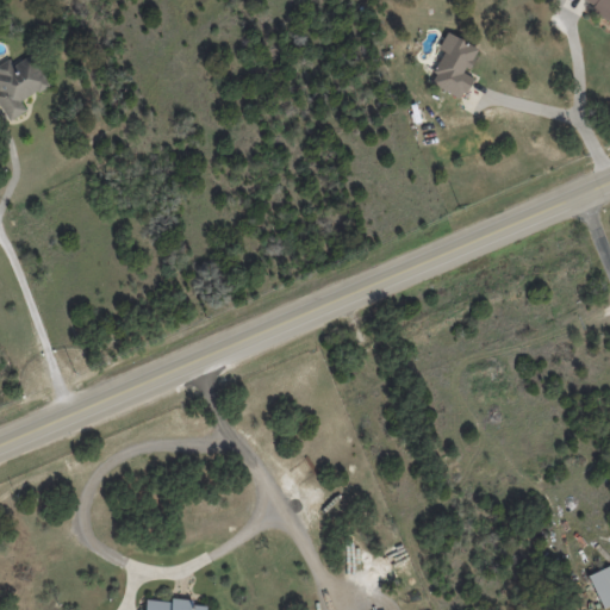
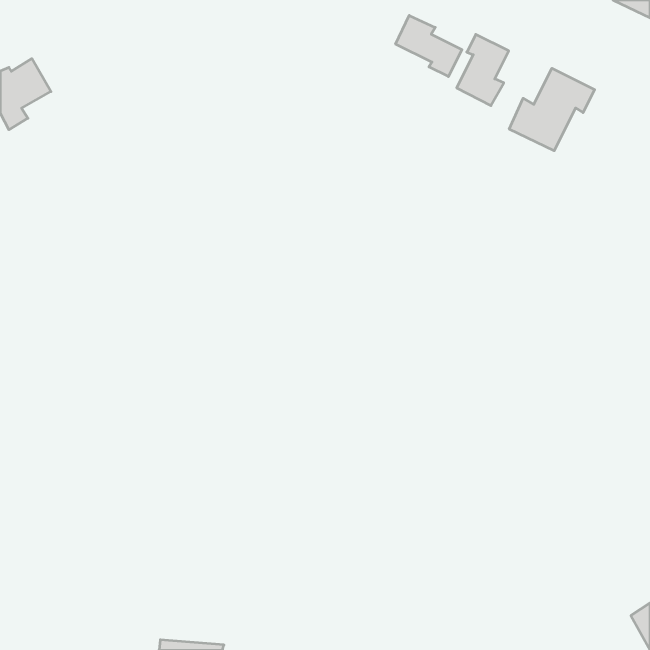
building: none -> [396,15,462,77]
building: none -> [509,68,595,151]

